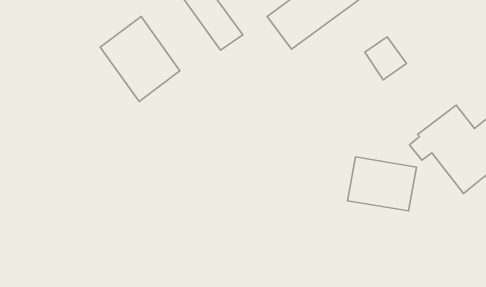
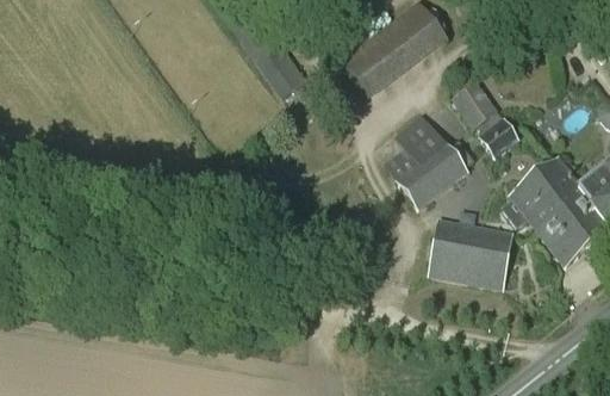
building: [100,17,180,101] -> none
building: none -> [387,117,466,209]
building: none -> [480,119,521,160]

